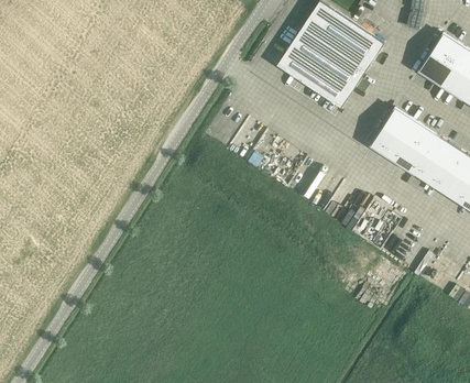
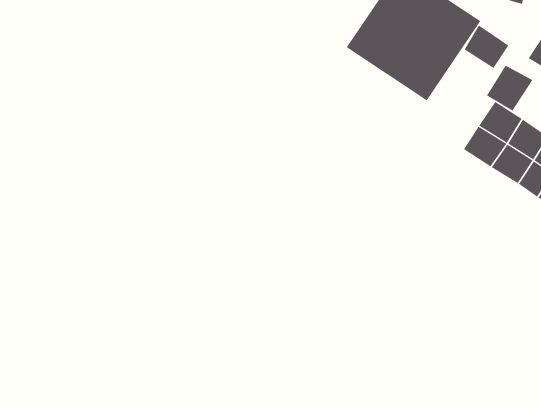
building: none -> [464,25,509,69]
building: none -> [486,65,533,112]

